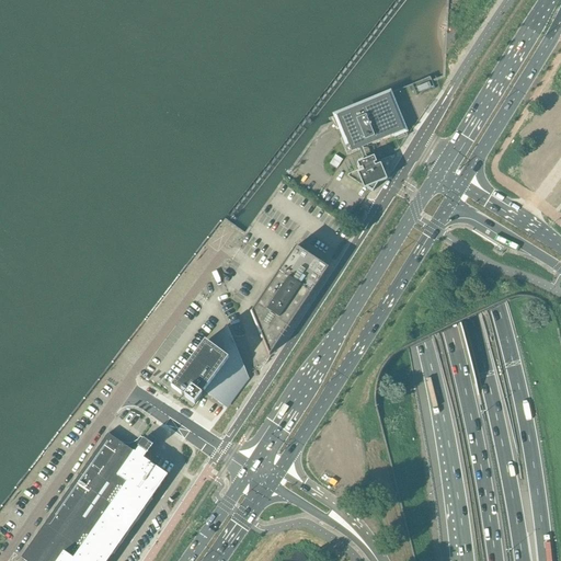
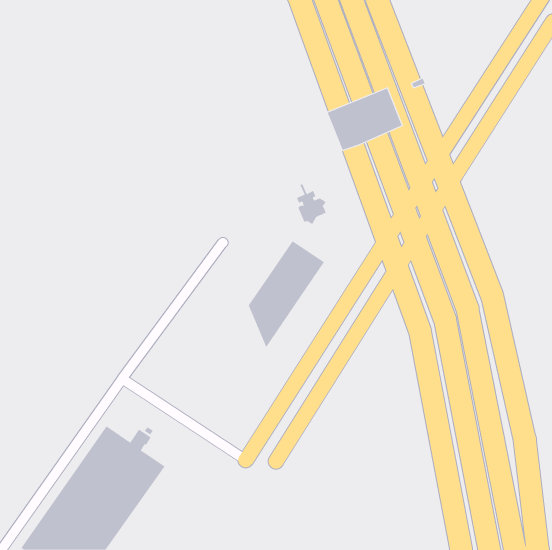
building: [357,147,388,188] -> [296,184,327,225]
building: [172,331,250,405] -> none

